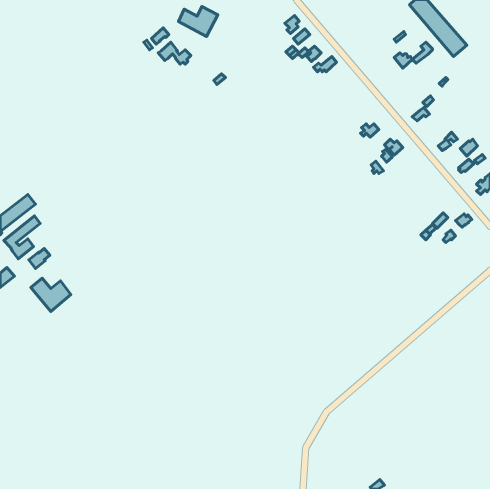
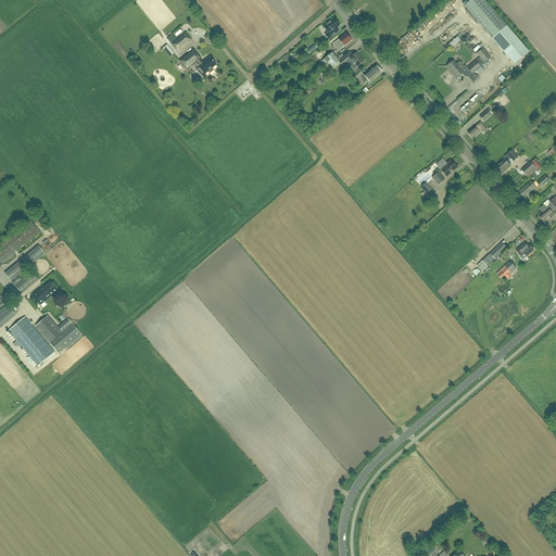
building: [178,7,218,36] -> none
building: none -> [8,316,54,365]

